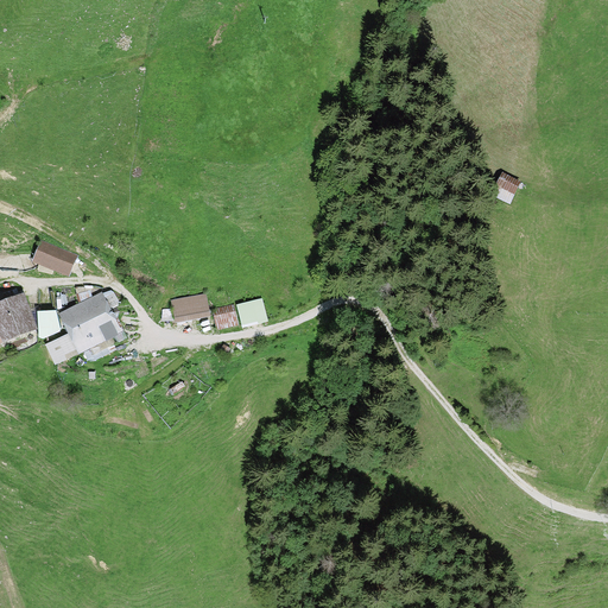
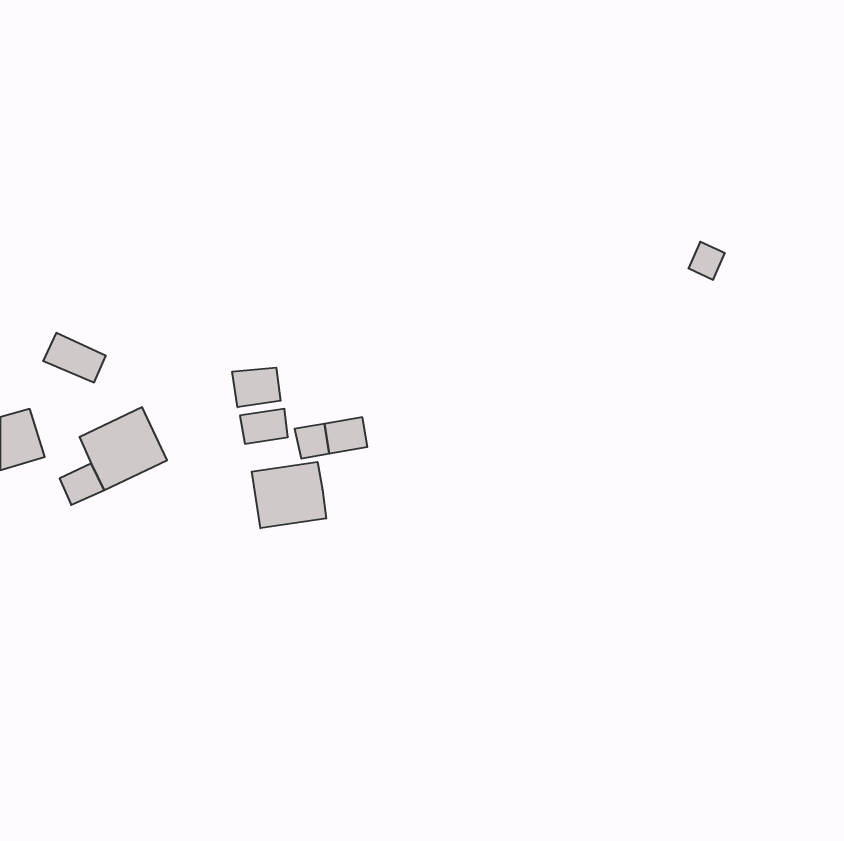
building: none -> [232,368,281,407]
building: [37,309,56,335] -> none
building: none -> [252,462,326,528]

